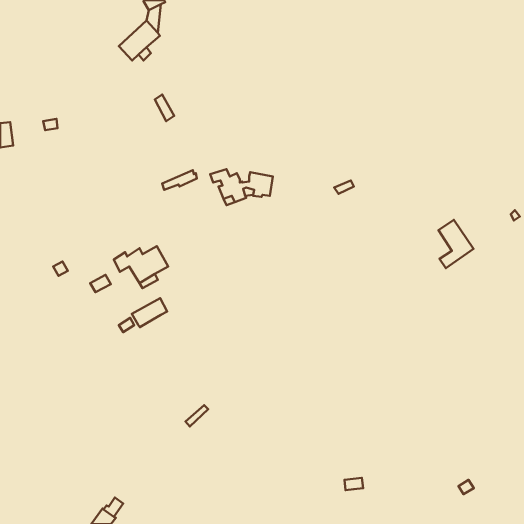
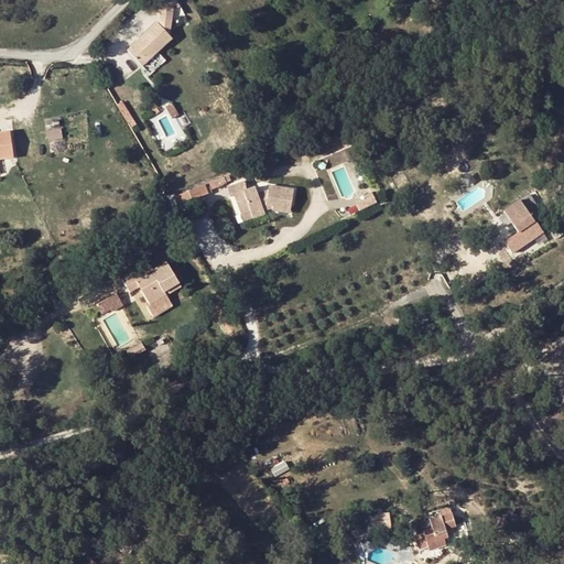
building: [439,220,473,268] -> [503,200,541,252]
building: [132,298,167,327] -> none
building: none -> [424,507,455,549]

